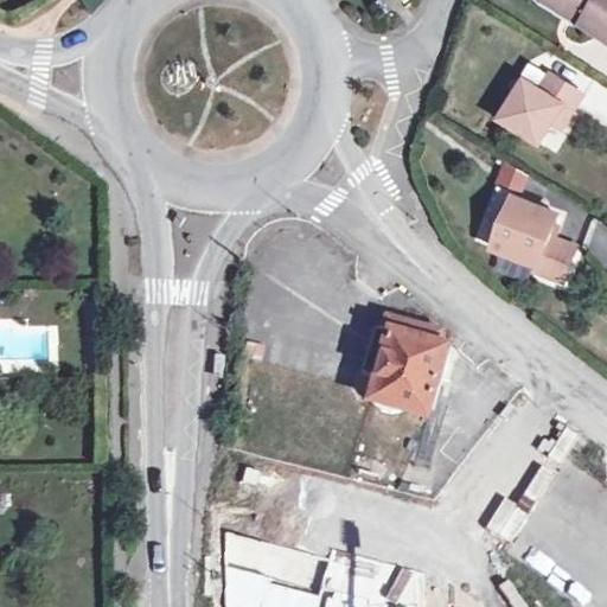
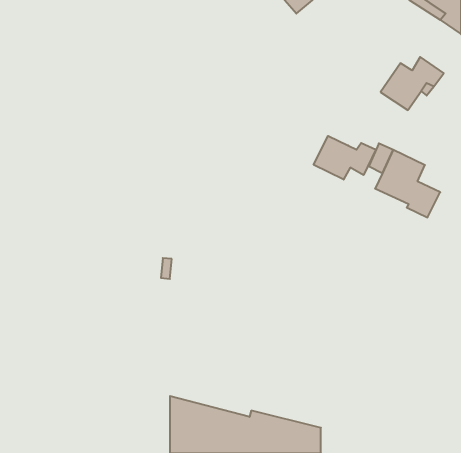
building: none -> [314,136,376,180]
building: [368,322,448,420] -> none

